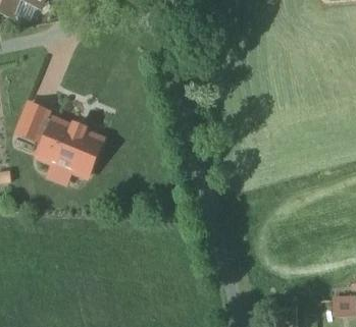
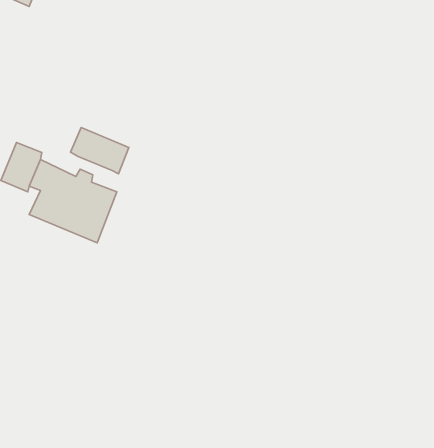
building: none -> [71,128,129,174]

